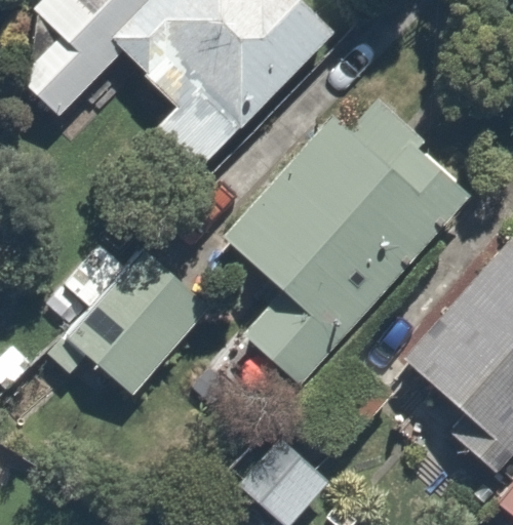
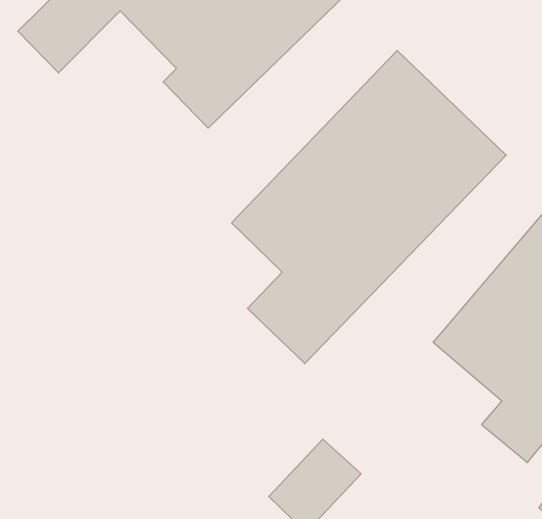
building: [48,247,213,393] -> none

